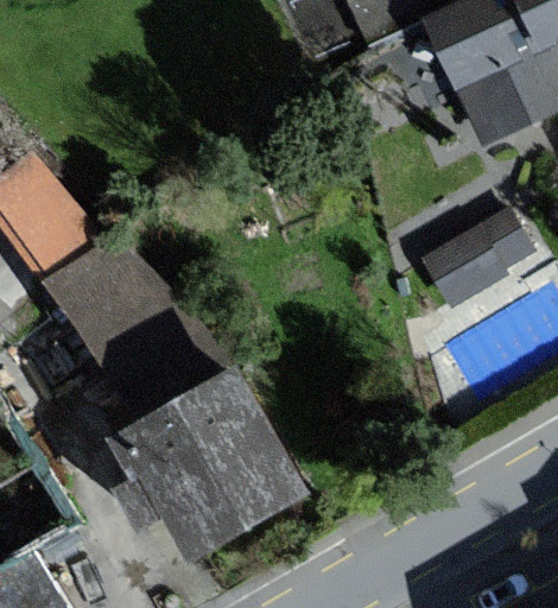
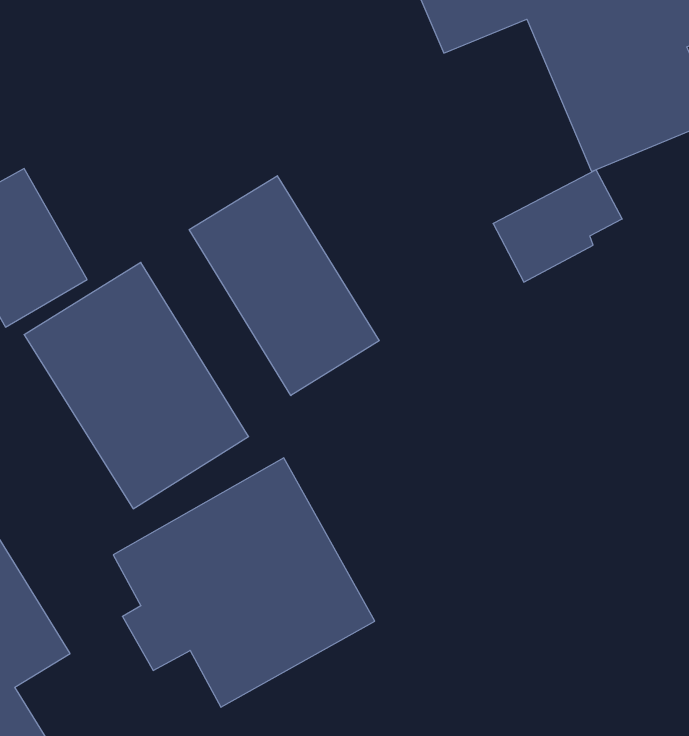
building: none -> [189,176,379,396]
building: [419,215,519,302] -> [493,170,622,282]

